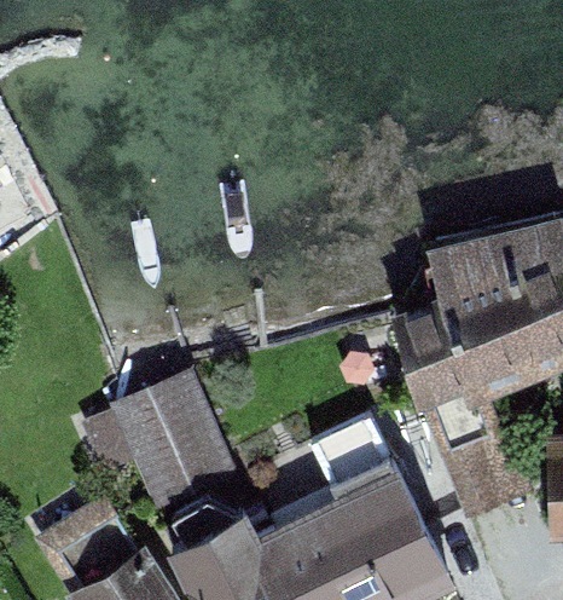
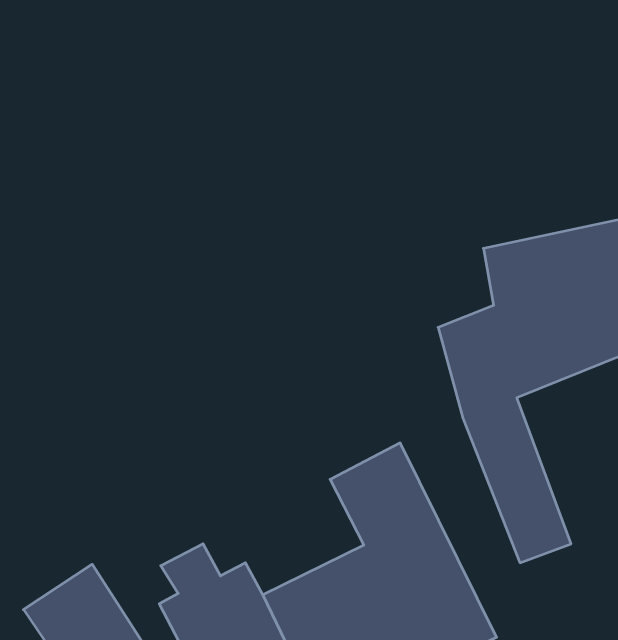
building: [118,382,228,503] -> none

